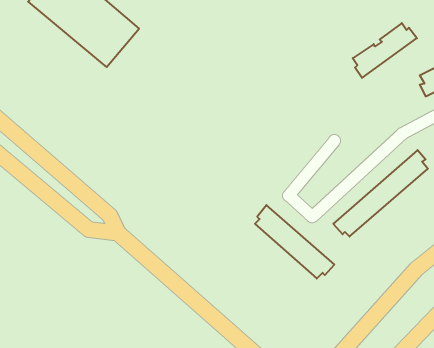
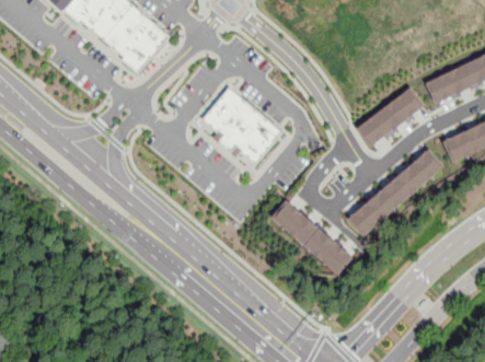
building: [353,23,417,78] -> [361,91,422,142]
building: none -> [200,87,284,164]

